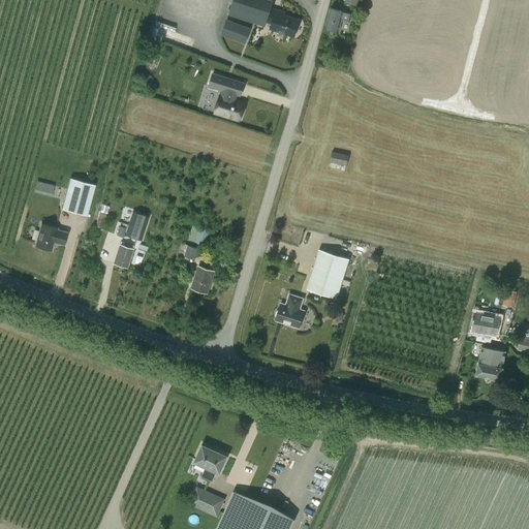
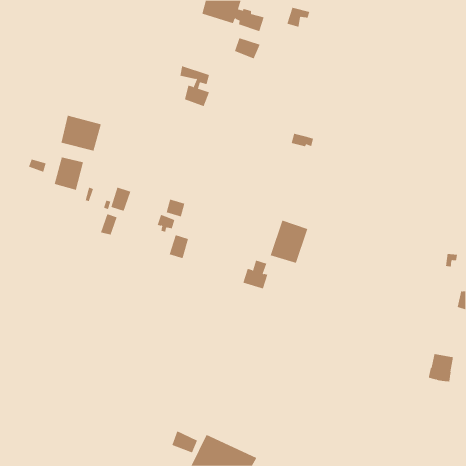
building: [221,20,251,44] -> [234,37,261,59]
building: none -> [61,115,101,151]
building: [35,224,67,250] -> none
building: [471,304,500,343] -> none
building: [476,346,505,379] -> [428,354,454,383]
building: [194,445,227,481] -> none

